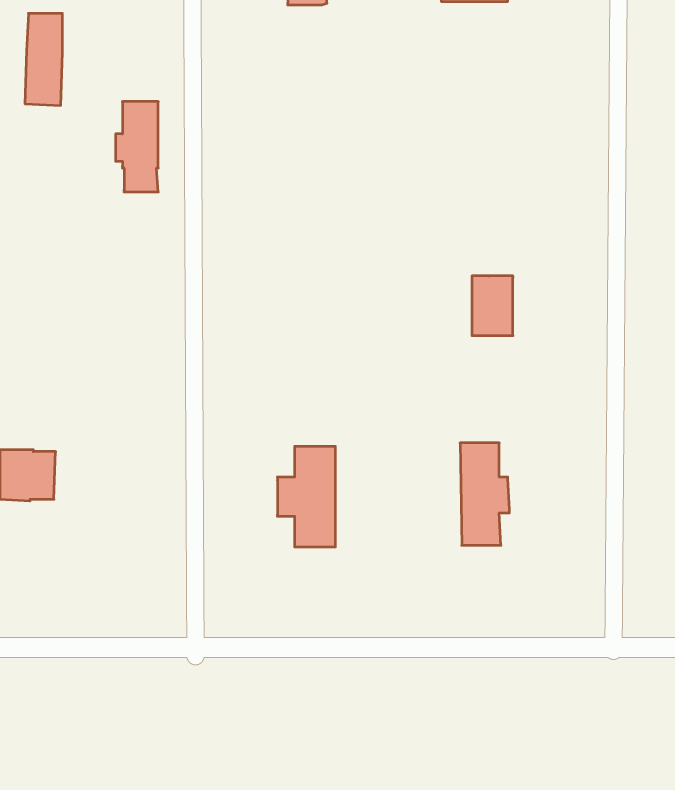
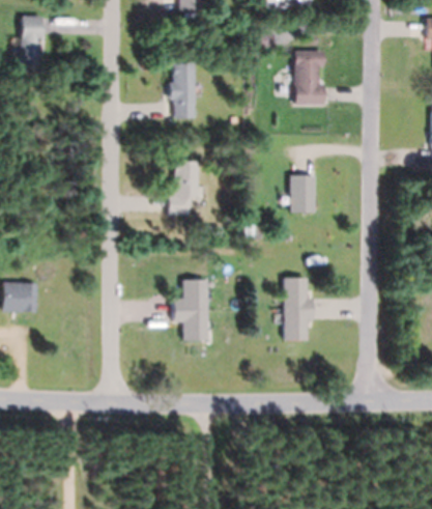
building: none -> [295,51,324,105]
building: [116,102,158,192] -> [169,63,195,118]
building: none -> [168,162,198,215]

